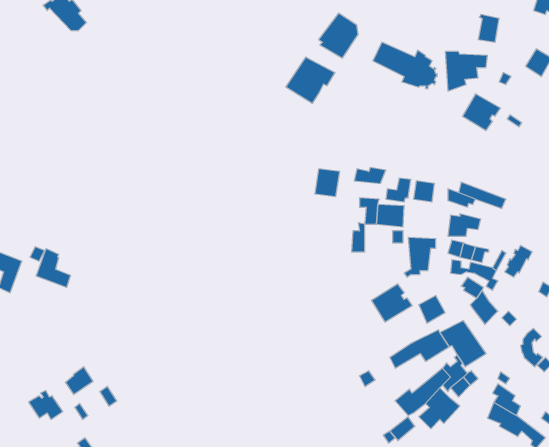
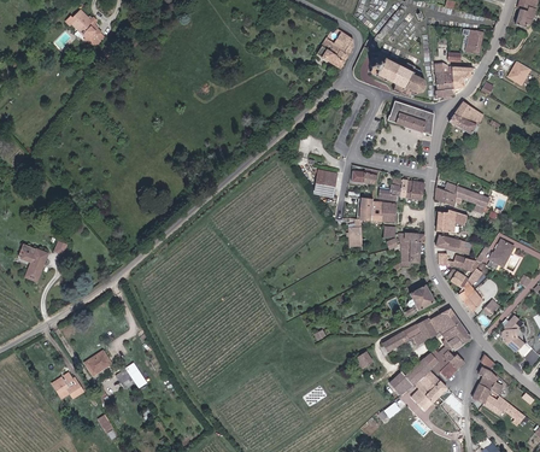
building: [286,57,335,104] -> none
building: none -> [388,101,435,135]
building: [36,249,70,288] -> none
building: [372,284,412,322] -> none

